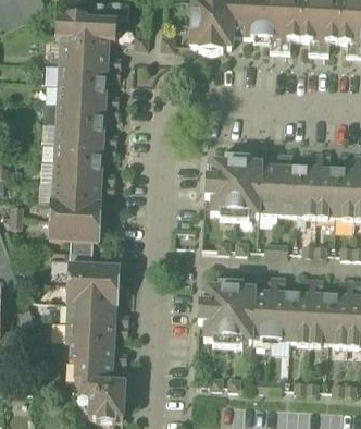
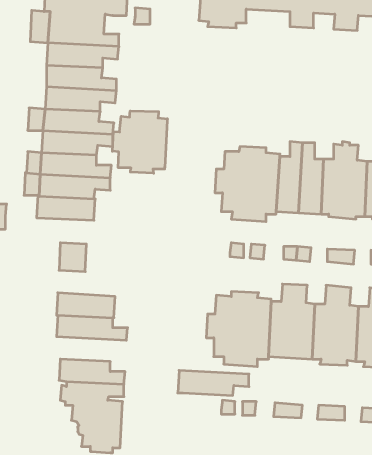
building: none -> [112,111,167,173]
building: [48,217,99,240] -> none
building: [67,262,119,285] -> none
building: [65,320,127,342] -> [178,370,249,395]

